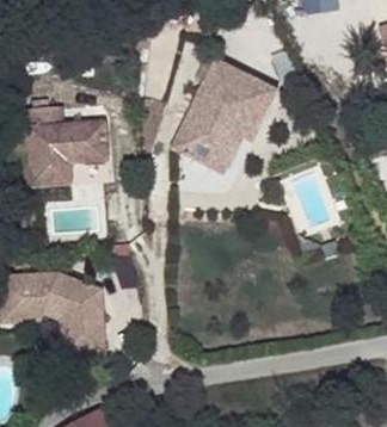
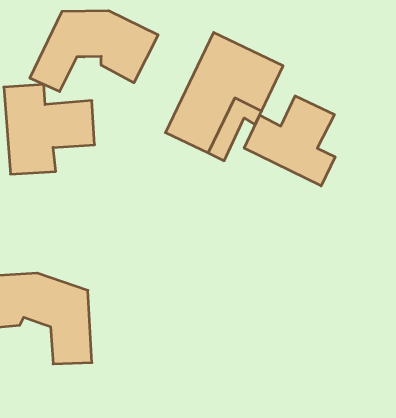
building: none -> [30,11,158,92]
building: none -> [244,96,335,186]

